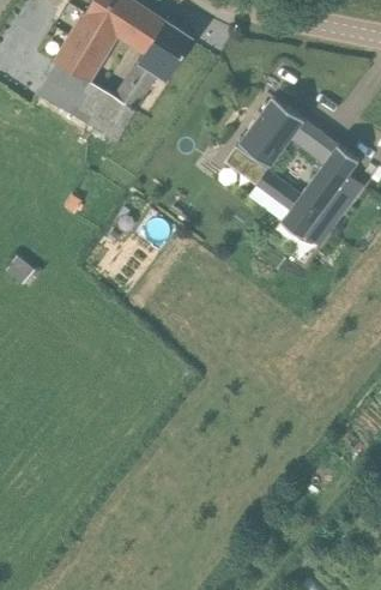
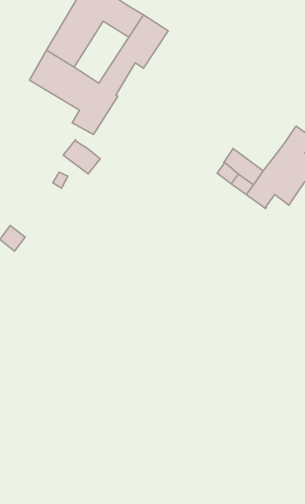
building: [240,96,326,165] -> none
building: none -> [63,140,100,174]

